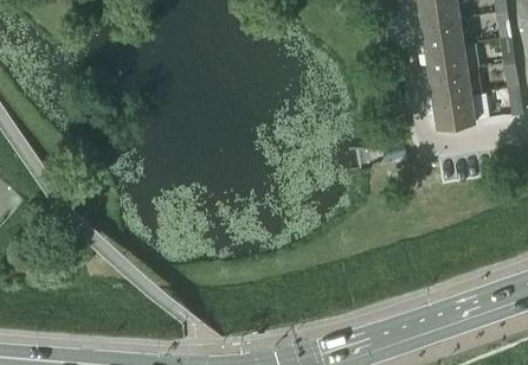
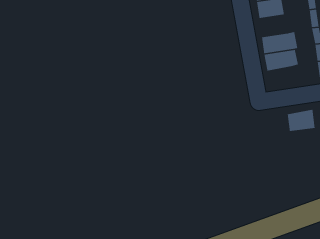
building: [424,33,465,65] -> none
building: [436,108,477,141] -> [287,109,315,132]

